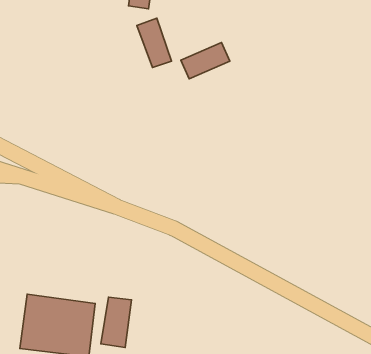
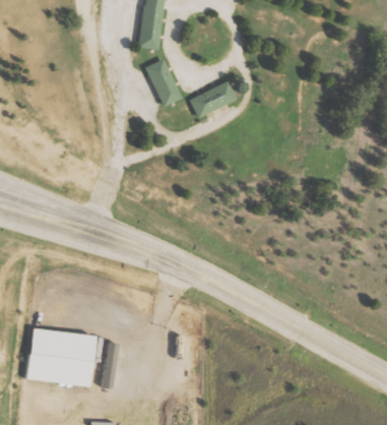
building: [101,297,132,348] -> none

